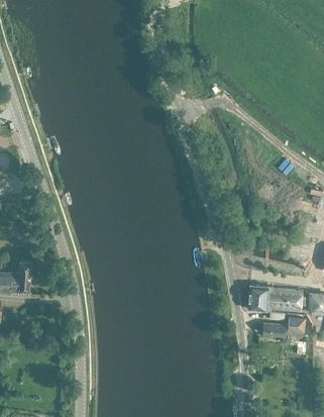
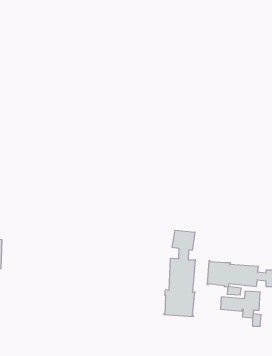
building: none -> [164,230,195,317]

